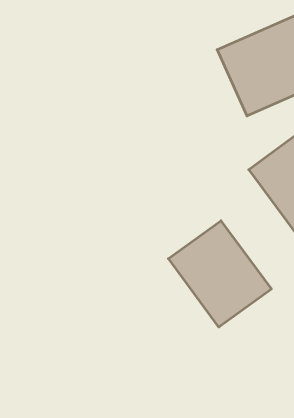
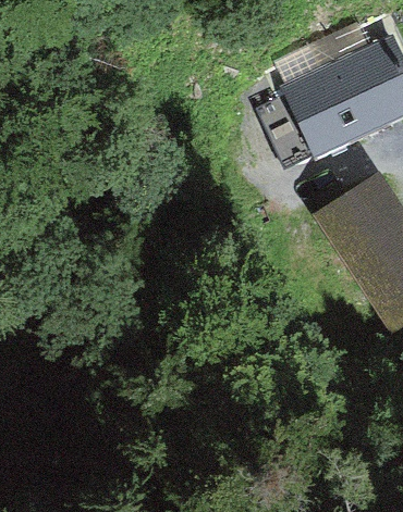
building: [168,221,271,327] -> none

